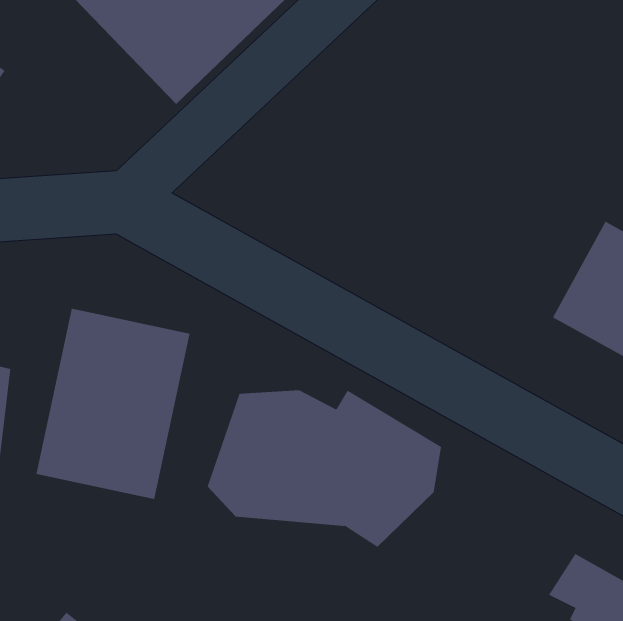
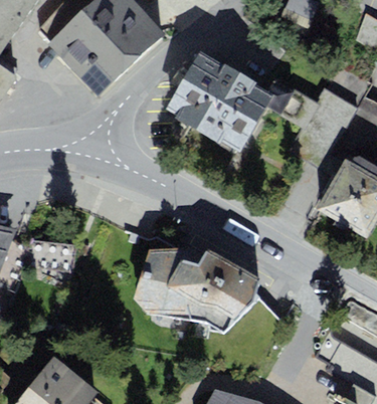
building: none -> [170,51,279,154]
building: [36,308,190,500] -> none

